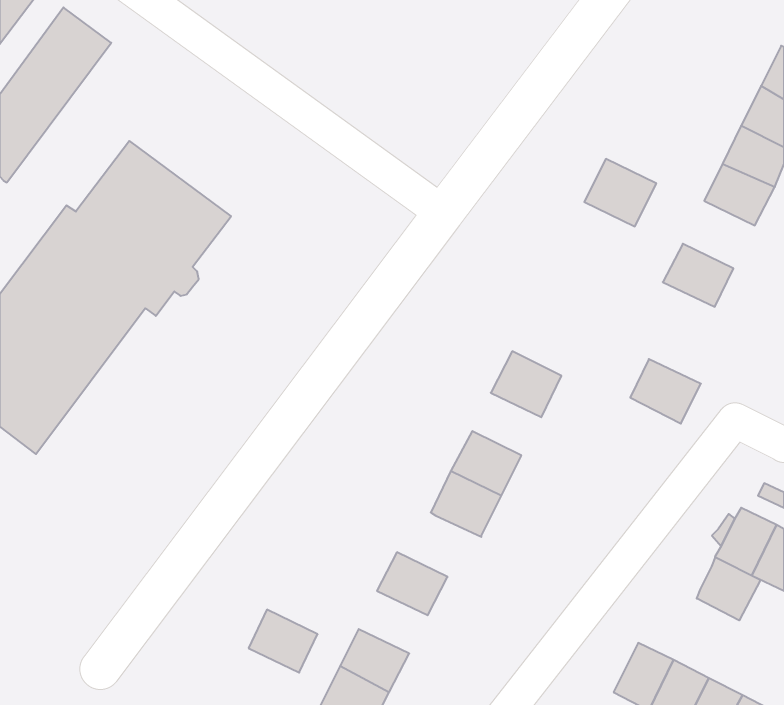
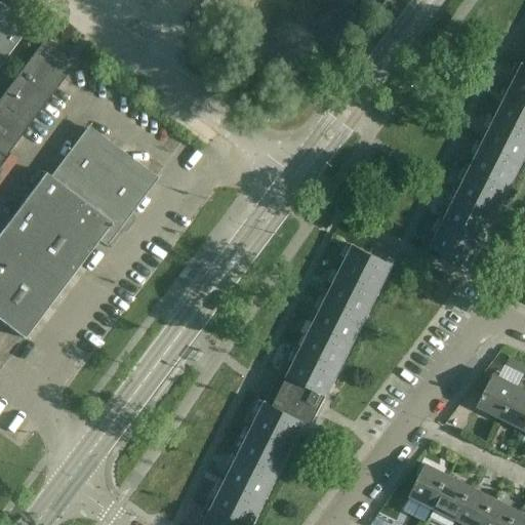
building: [584,159,656,226] -> [456,169,504,214]
building: none -> [342,246,388,286]
building: [630,359,701,424] -> [431,224,478,267]
building: none -> [316,297,362,339]
building: none -> [266,379,326,427]
building: [697,557,761,620] -> none
building: [249,610,318,673] -> [240,430,286,472]

